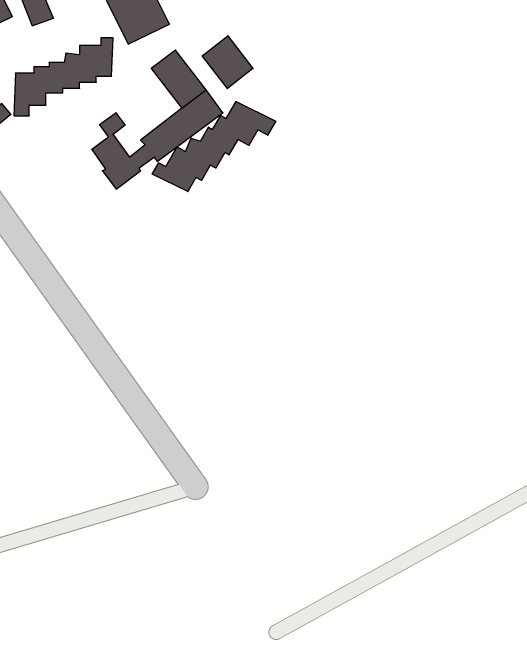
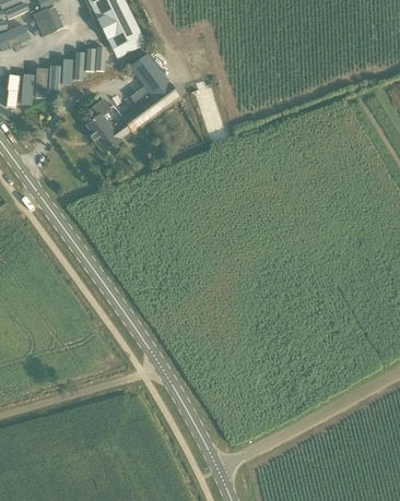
building: [202,36,253,89] -> none
building: [152,102,276,192] -> none

